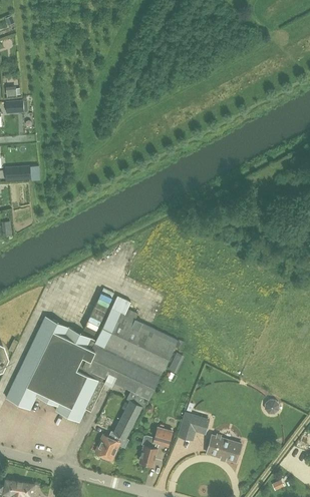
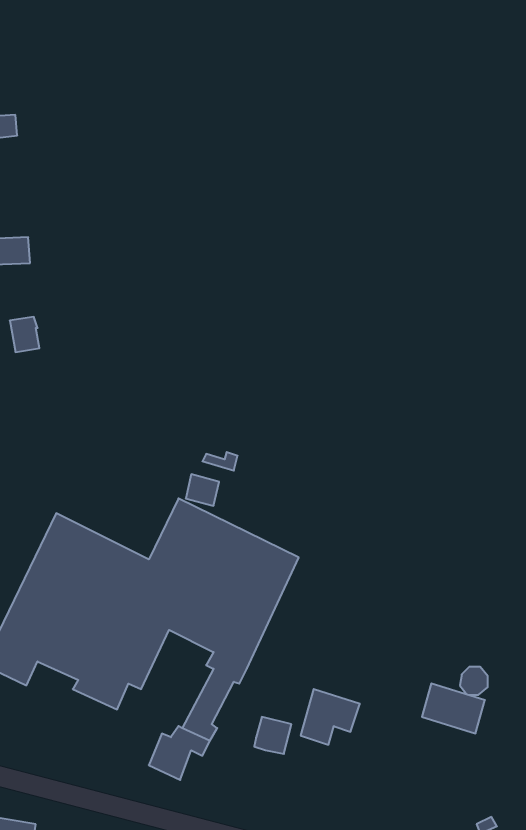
building: [139,435,159,465] -> none
building: [207,435,241,462] -> [422,683,485,733]

